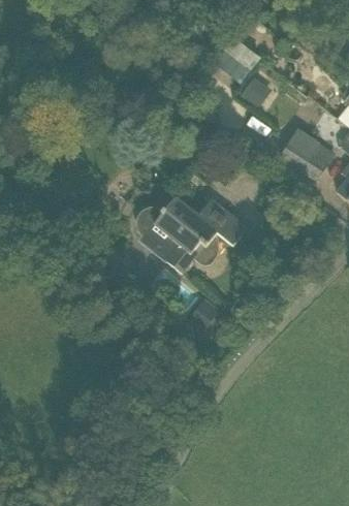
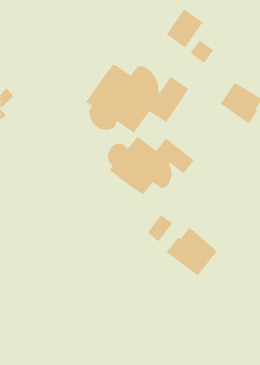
building: none -> [85,63,189,133]
building: none -> [166,227,218,277]

